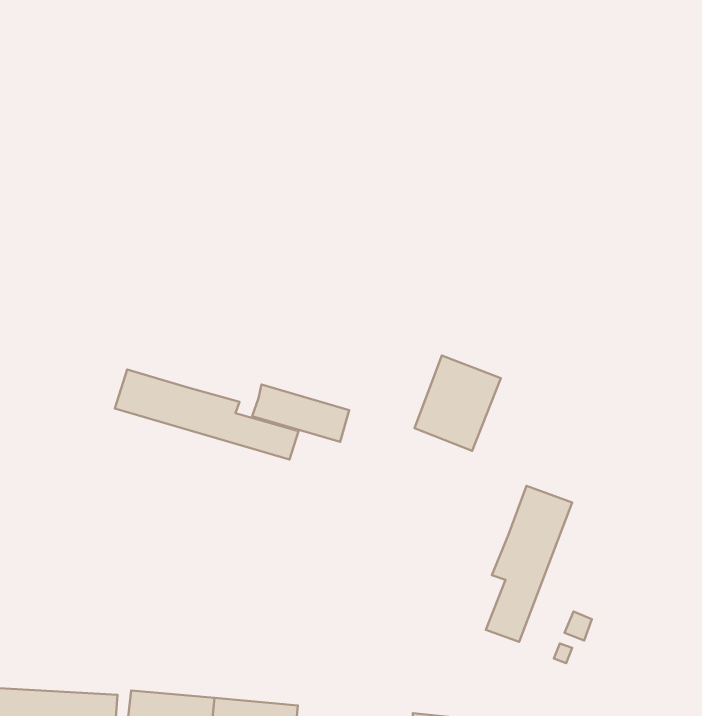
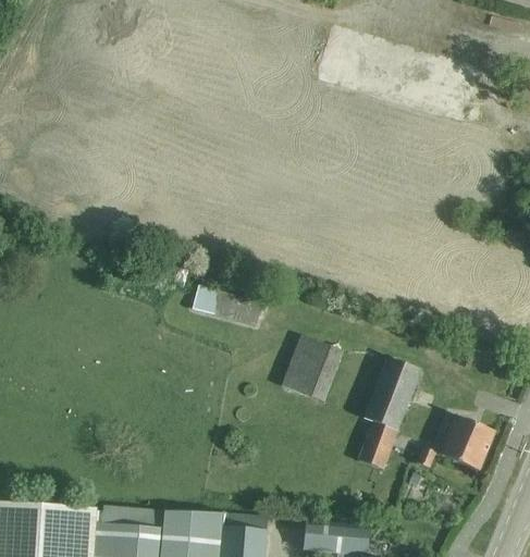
building: [415,355,501,451] -> [283,330,345,398]
building: [115,369,299,460] -> none
building: none -> [439,418,494,473]

